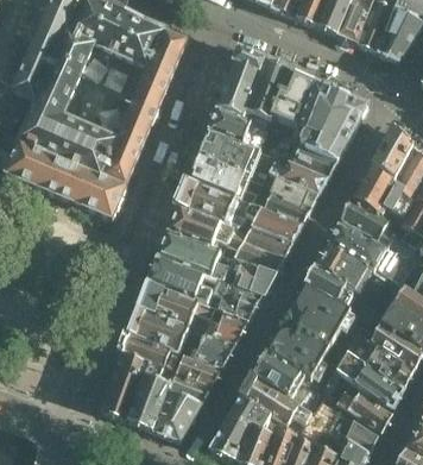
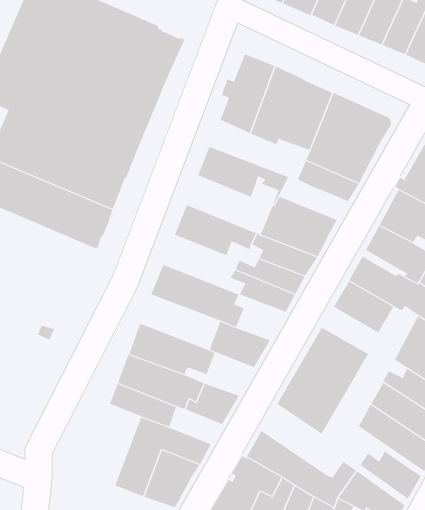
building: [208,106,266,147] -> none
building: [189,153,252,202] -> none
building: [269,155,328,191] -> none
building: [169,205,234,251] -> none
building: [150,256,217,303] -> none
building: [231,256,274,295] -> none
building: [304,265,352,307] -> none
building: [204,306,247,343] -> none
building: [101,350,150,420] -> none
building: [253,350,323,410] -> none
building: [175,352,220,384] -> none

